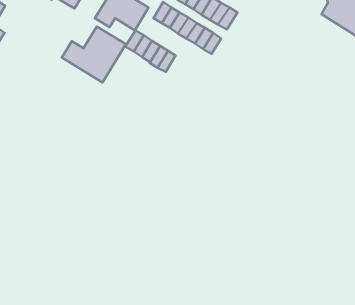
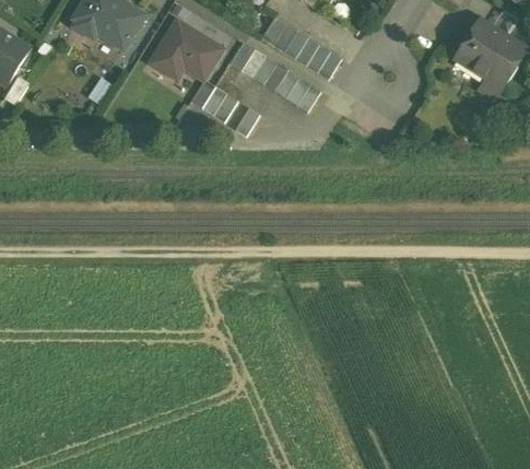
building: [62,26,126,82] -> none

